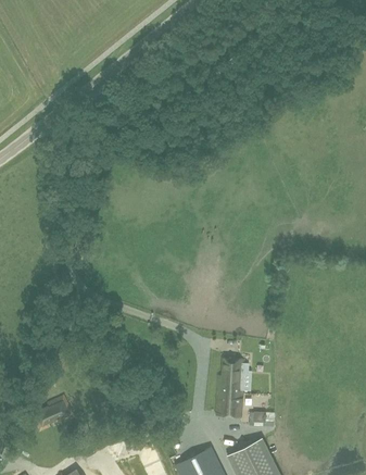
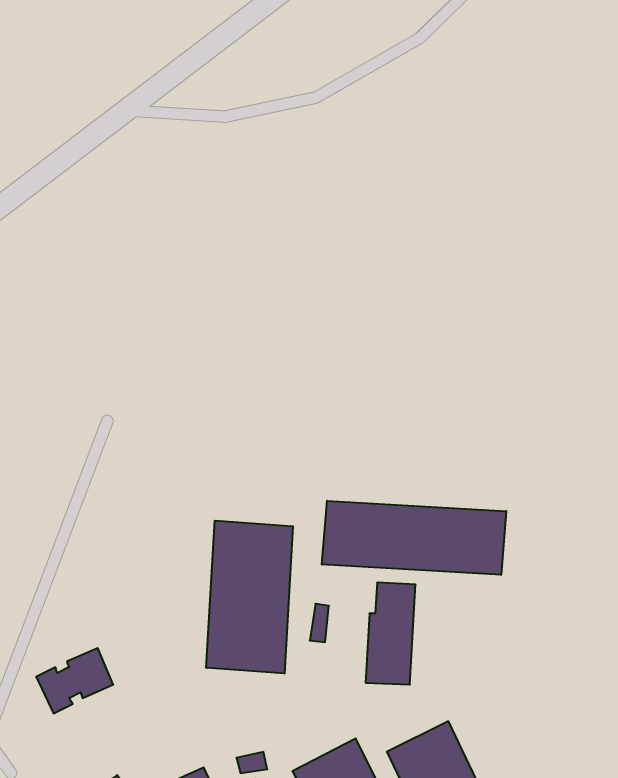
building: none -> [322,501,506,575]
building: none -> [206,521,293,674]

